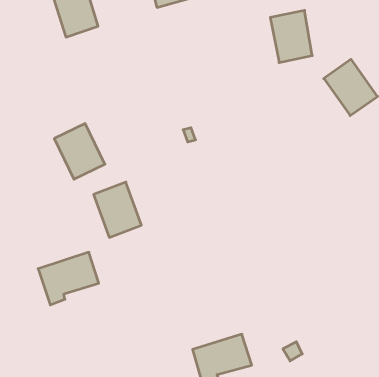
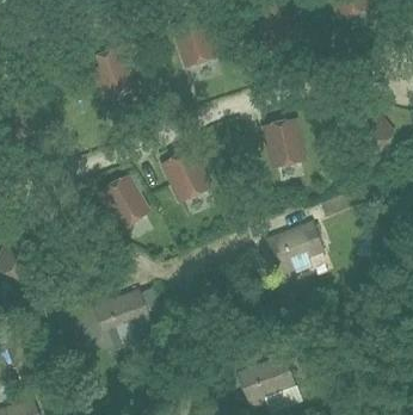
building: [270,10,312,63] -> [263,117,303,166]
building: [94,182,141,237] -> [162,148,208,199]
building: none -> [266,223,321,273]

